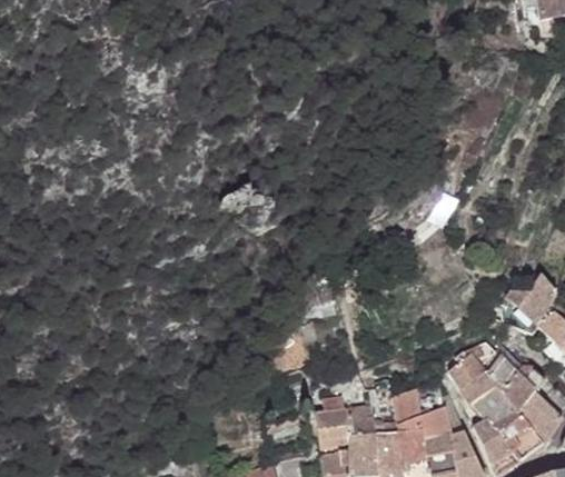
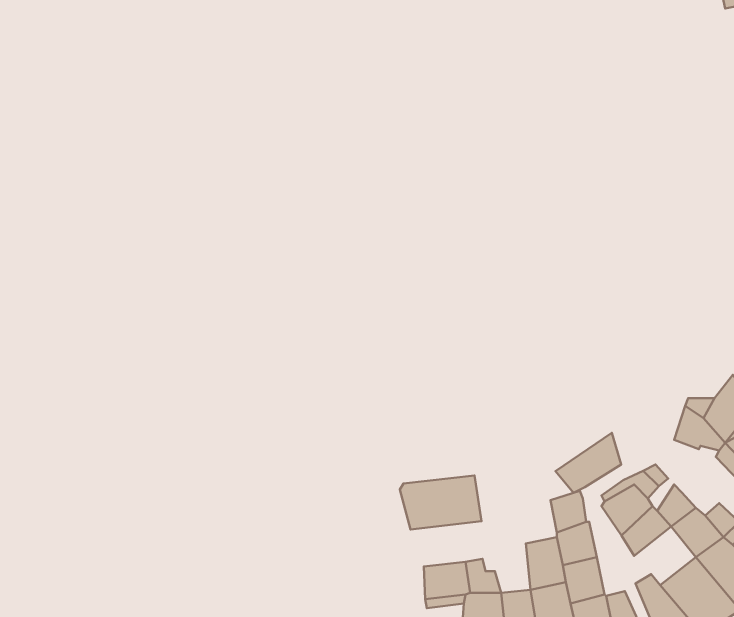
building: none -> [556,433,621,493]
building: none -> [400,475,482,529]
building: [472,384,516,426] -> none

